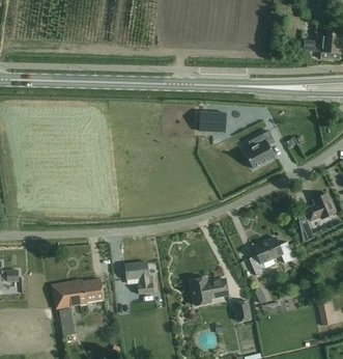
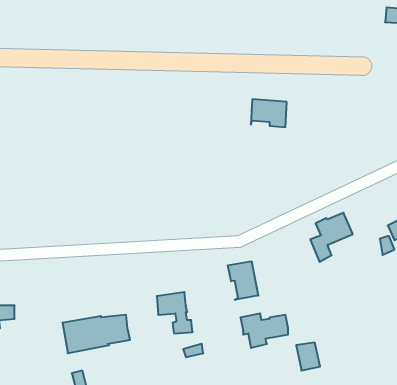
building: [245,130,276,167] -> none
building: none -> [228,261,258,300]
building: [250,237,283,275] -> [310,213,353,262]

